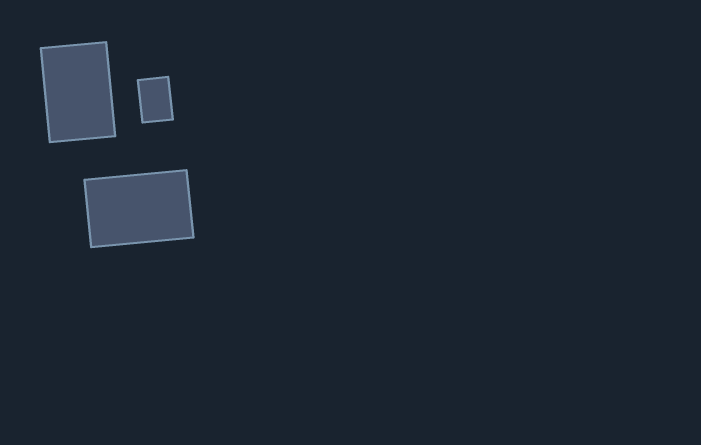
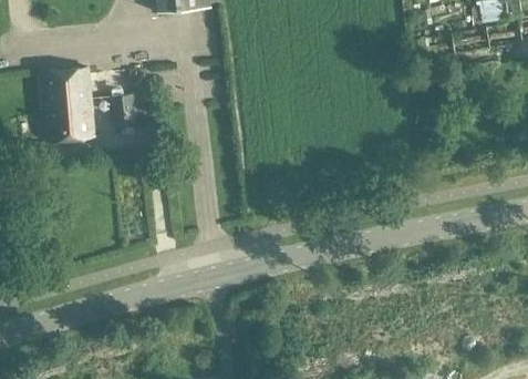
building: [85,170,193,247] -> none

